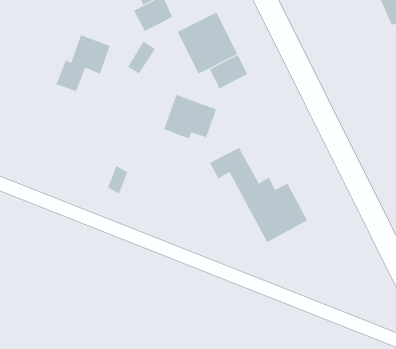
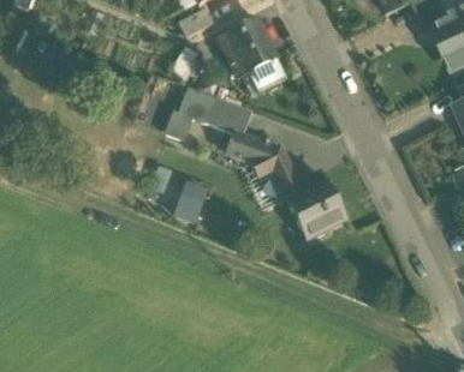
building: [56,35,111,92] -> [162,85,215,140]
building: none -> [224,133,273,162]
building: none -> [171,180,206,224]

